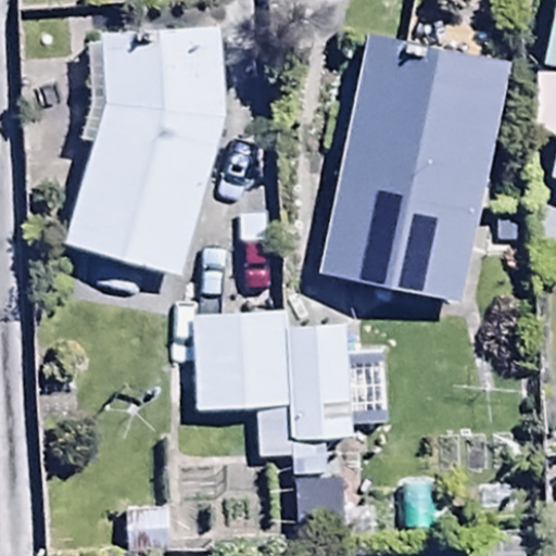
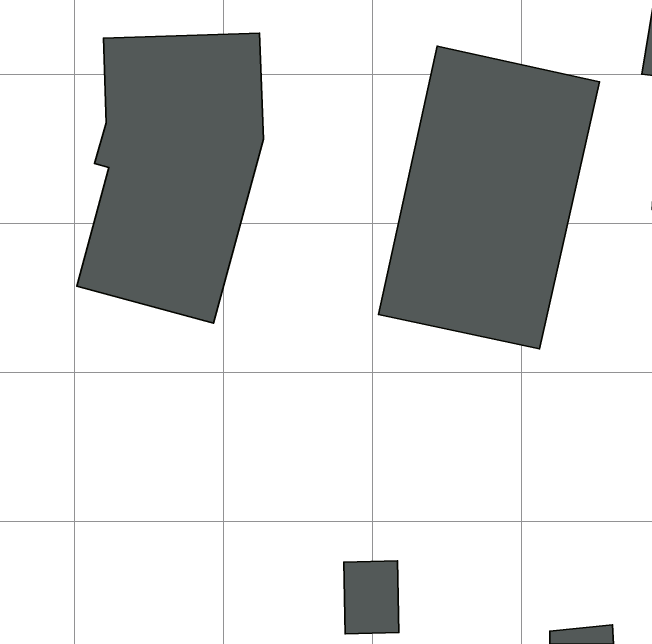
building: [194,261,354,472] -> none

